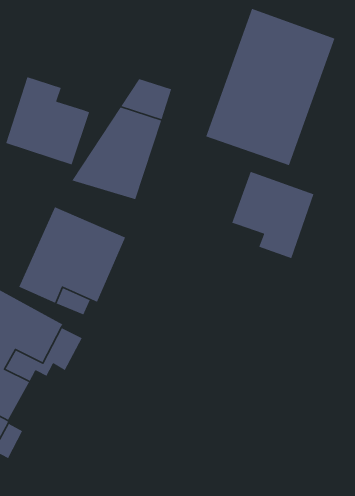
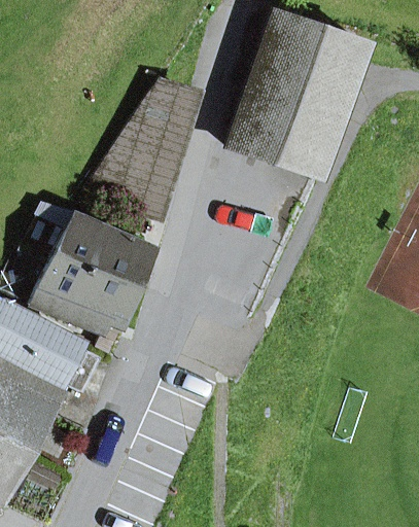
building: [5,76,90,166] -> none
building: [231,171,315,259] -> none

